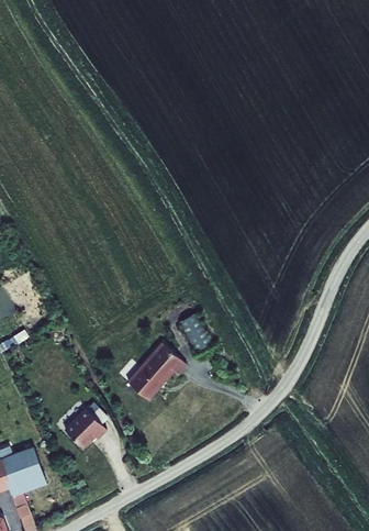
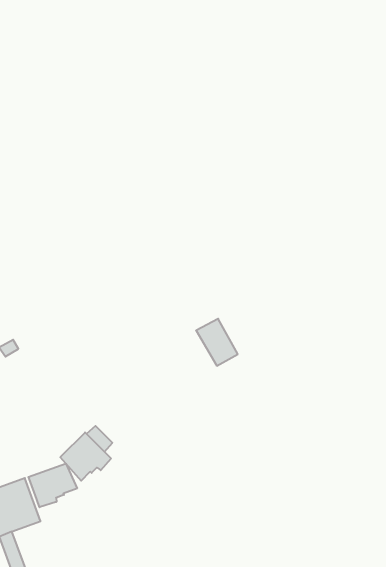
building: [125,342,186,399] -> none
building: none -> [28,463,77,507]

